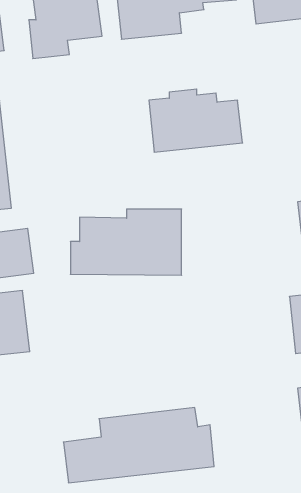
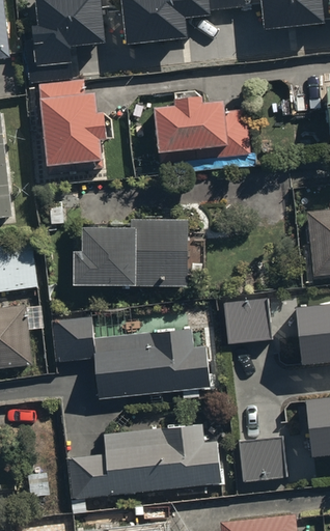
building: none -> [37,78,106,168]
building: none -> [221,296,272,344]
building: none -> [52,315,210,397]
building: none -> [238,436,286,481]

